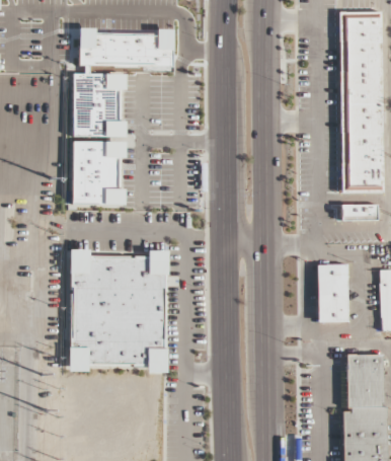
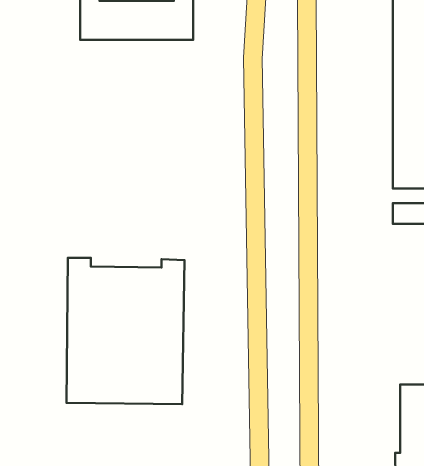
building: [73,72,126,136] -> none
building: [72,140,125,205] -> none
building: [317,262,347,321] -> none

